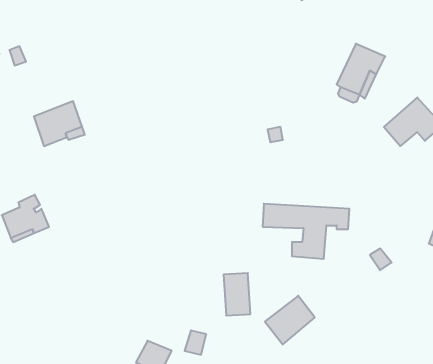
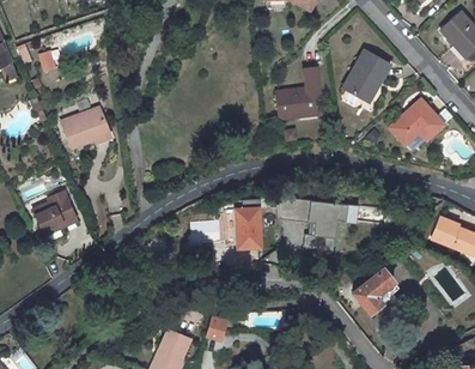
building: none -> [275,68,319,120]
building: [224,273,250,315] -> [235,208,260,248]
building: [265,296,315,344] -> [351,268,397,314]

